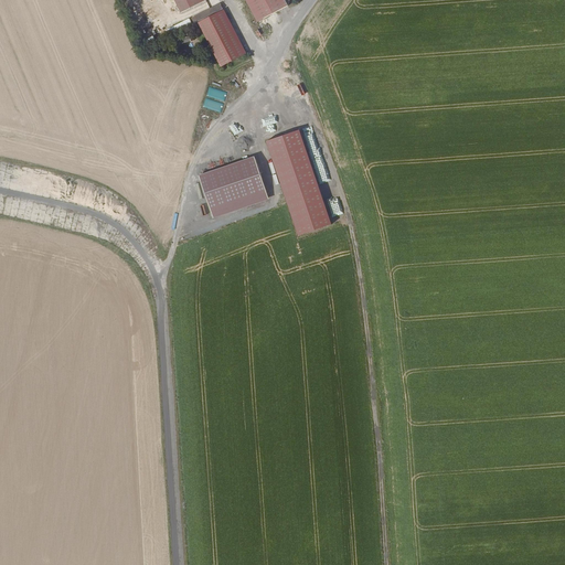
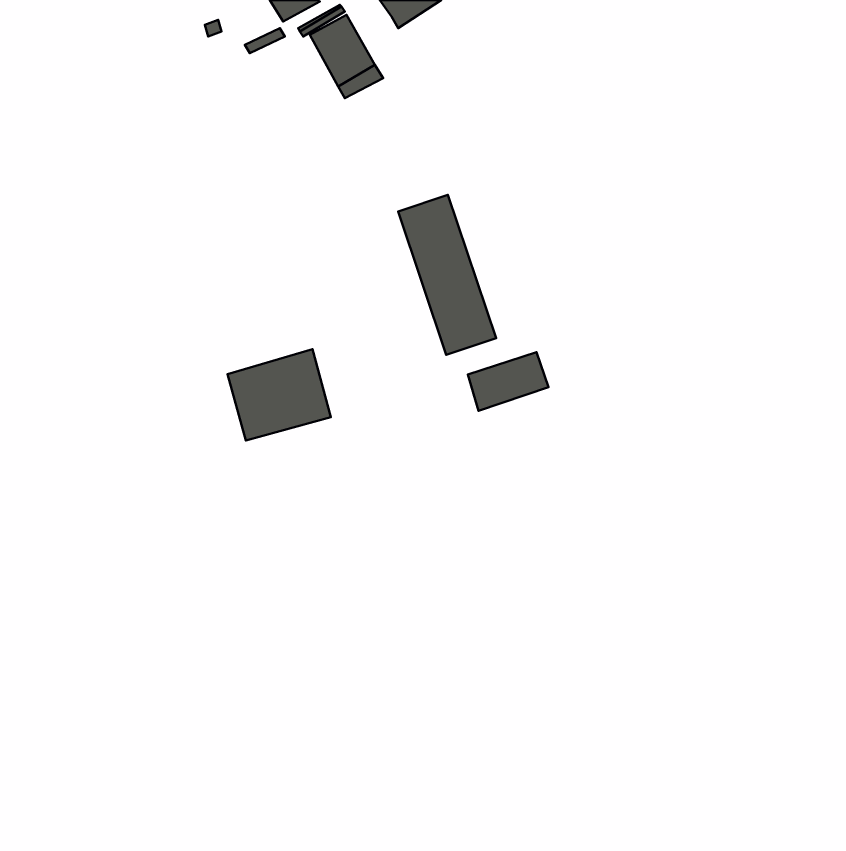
building: [195,157,264,217] -> [227,349,331,441]
building: none -> [468,352,548,411]

